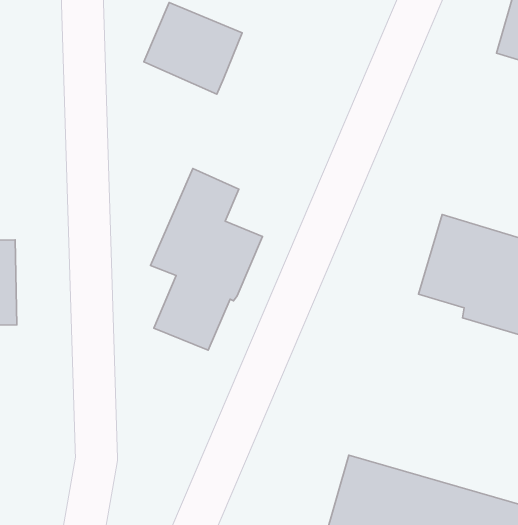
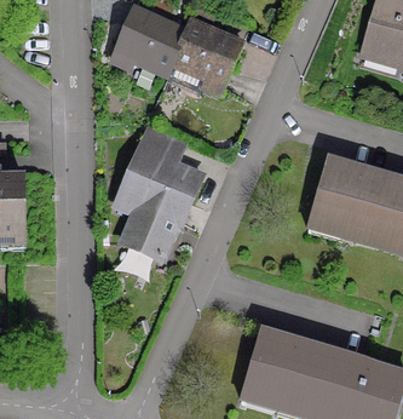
building: none -> [171,18,240,93]

